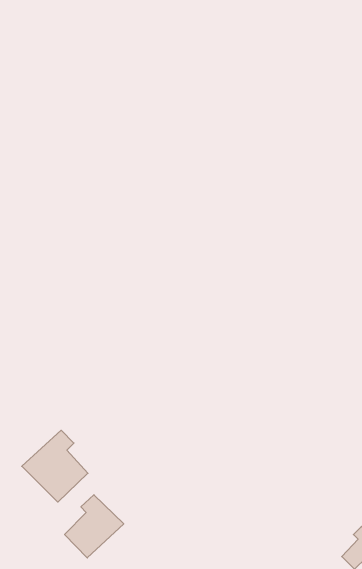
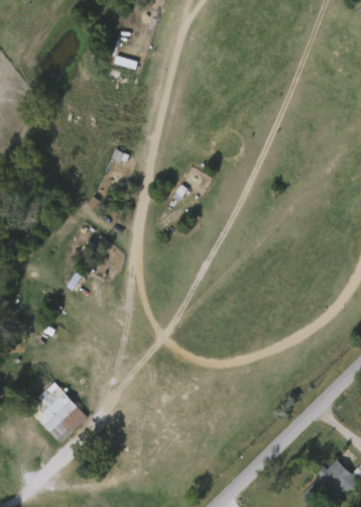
building: [65,495,124,558] -> none

